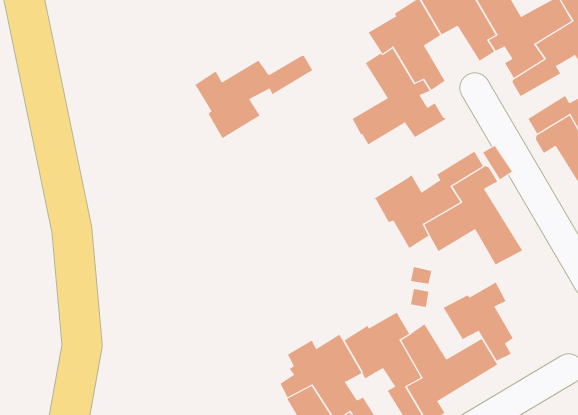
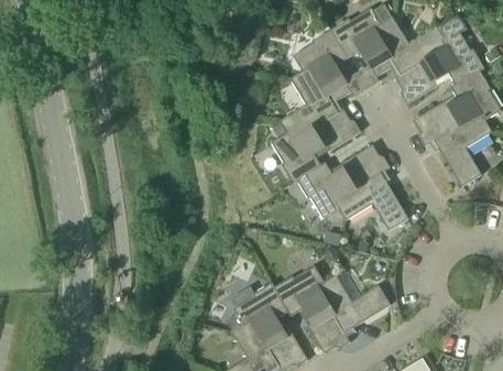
building: [194,55,313,139] -> [272,119,361,182]
building: [443,281,514,362] -> none

